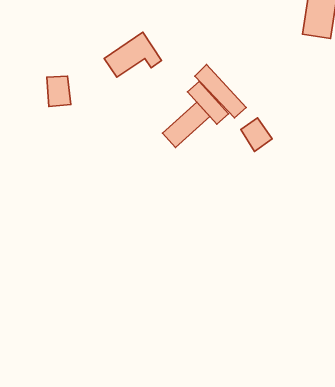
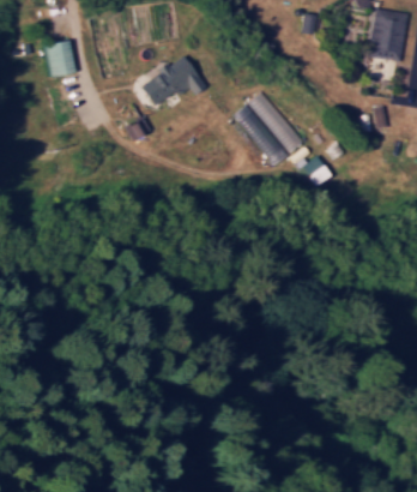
building: [47,76,71,106] -> [48,41,75,76]
building: [162,102,210,148] -> none

